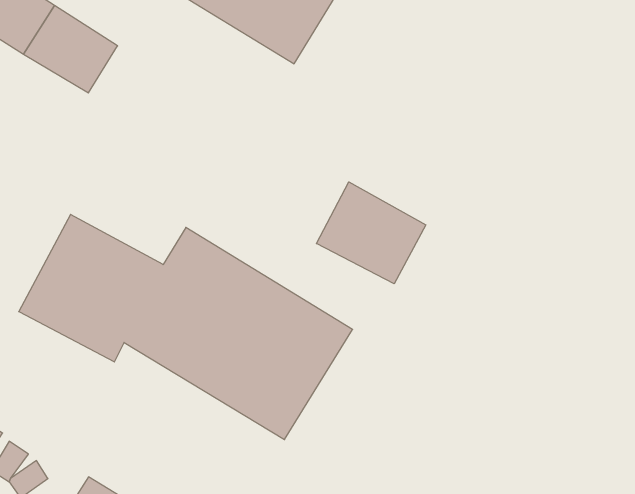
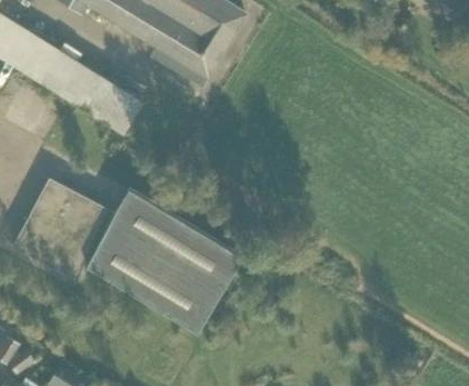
building: none -> [61,63,143,135]
building: [316,182,426,284] -> none

